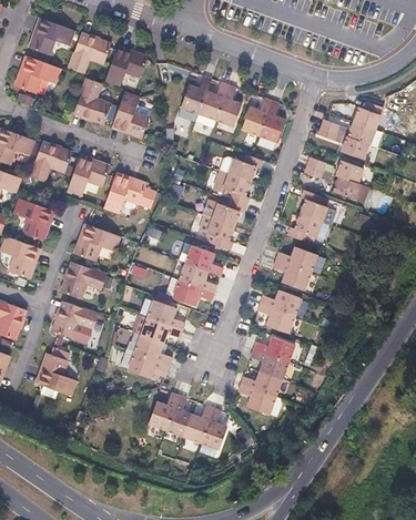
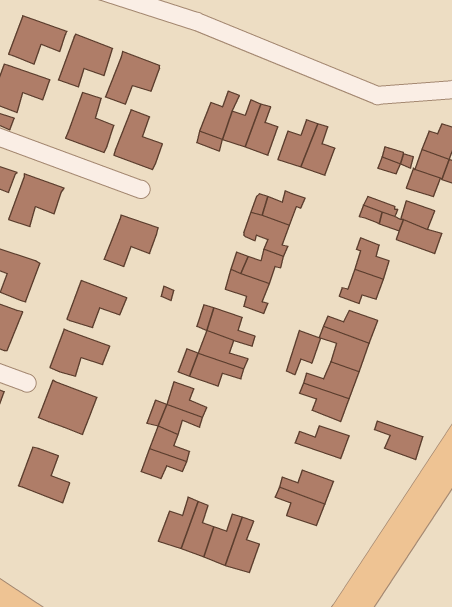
building: [68,155,111,195] -> none
building: none -> [287,330,320,375]
building: [251,350,288,380] -> [374,421,423,460]

